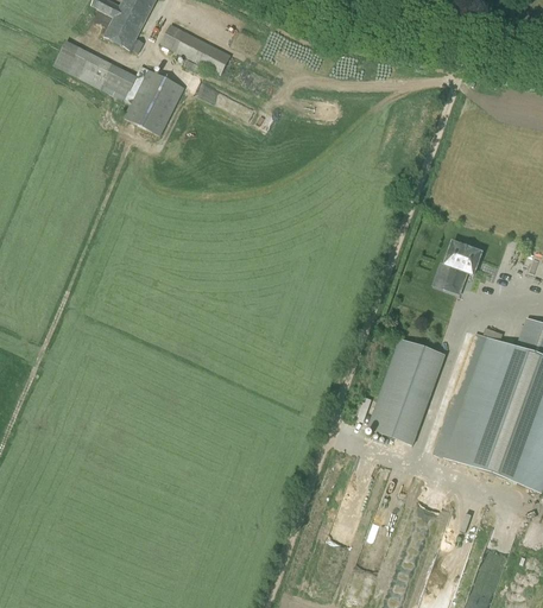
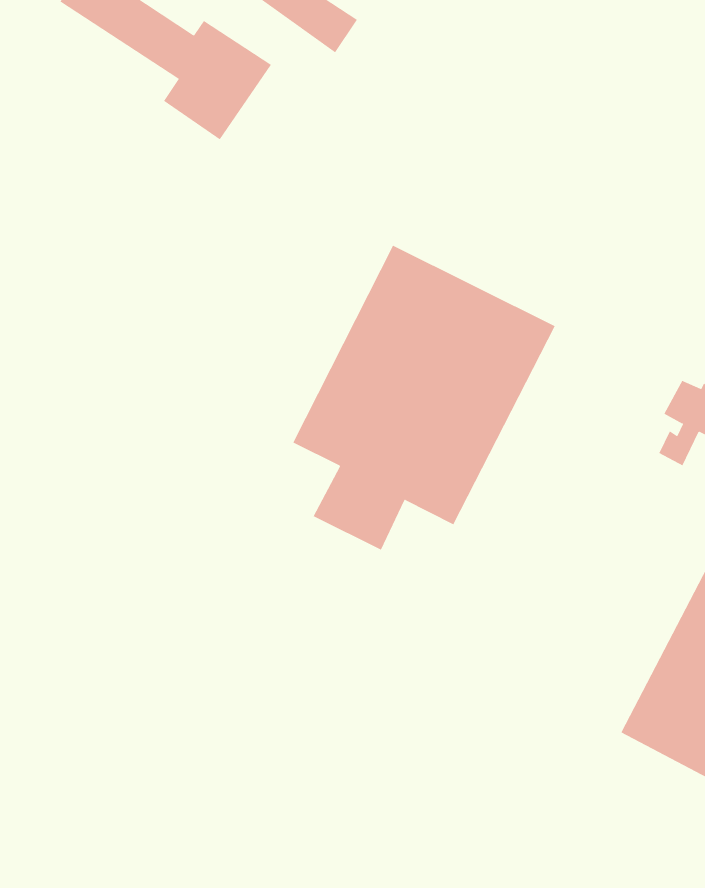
building: none -> [292,245,555,551]
building: [366,337,444,444] -> none

